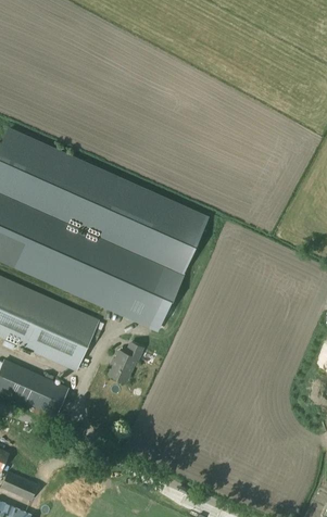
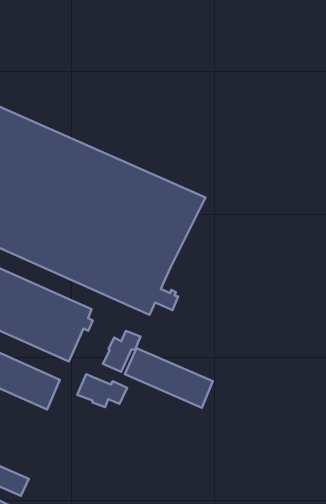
building: none -> [125,348,213,408]
building: none -> [77,374,127,407]

